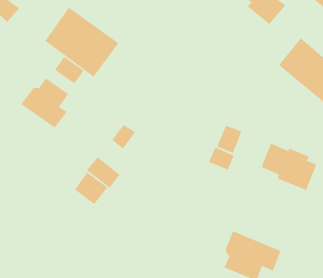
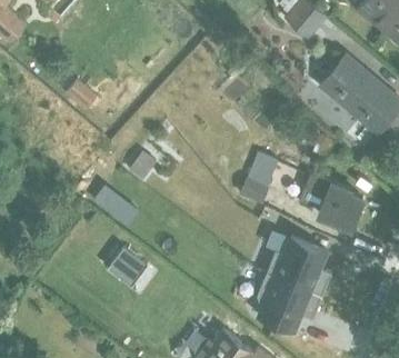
building: [44,7,119,78] -> none
building: [20,77,69,129] -> none
building: [74,172,108,205] -> [108,248,147,286]
building: none -> [266,237,331,297]

